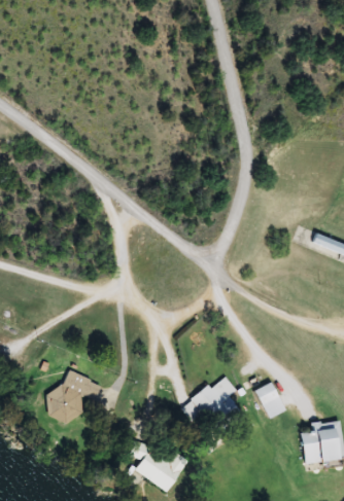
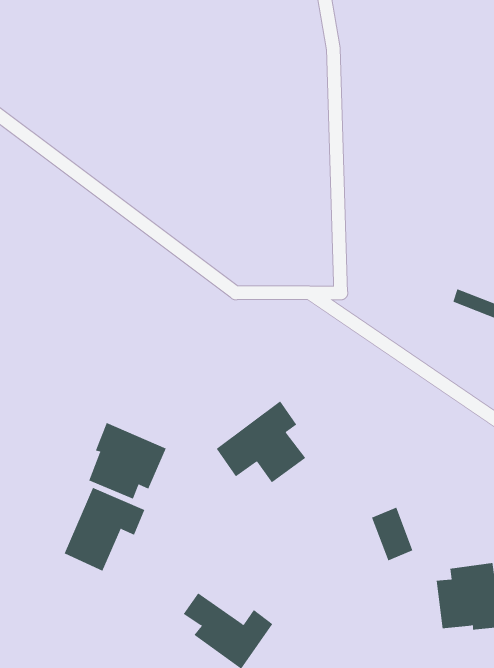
building: none -> [88,422,166,499]
building: [179,374,241,431] -> [216,400,306,483]

